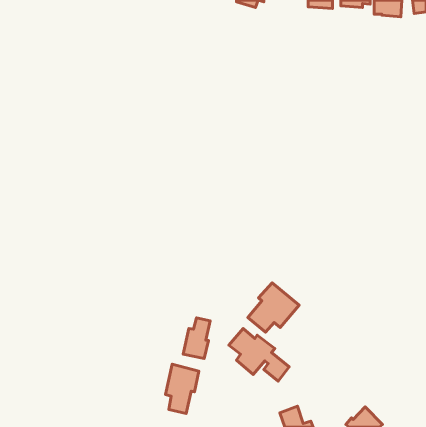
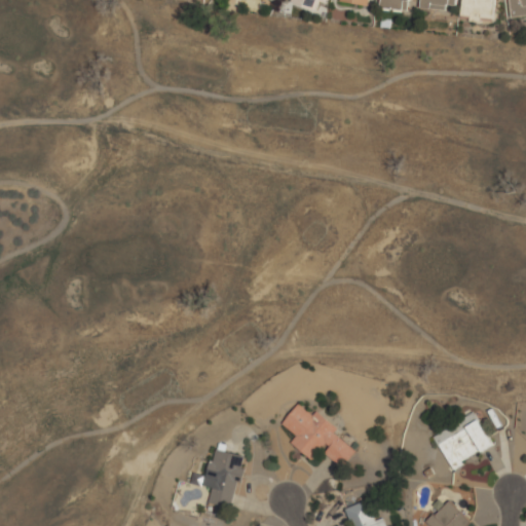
building: [248,283,299,332] -> none
building: [183,318,210,358] -> none
building: none -> [431,412,492,467]

